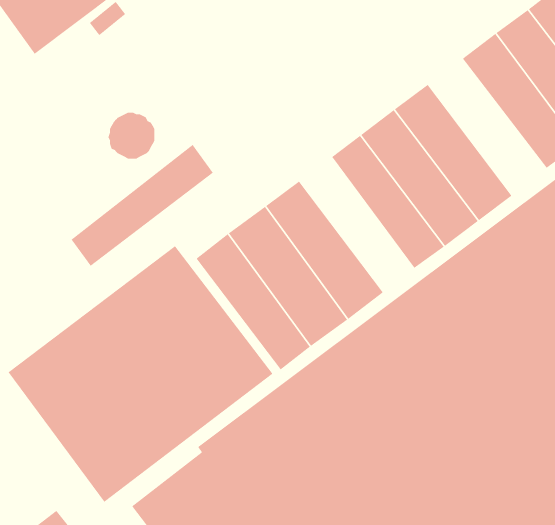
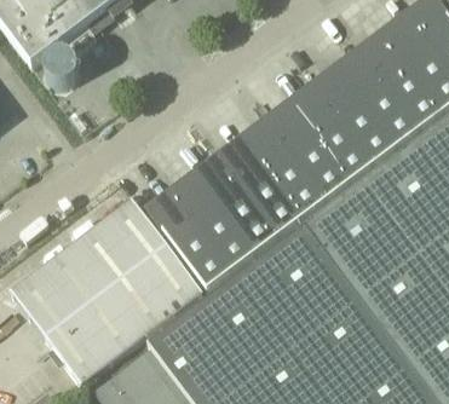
building: none -> [312,67,397,165]
building: [108,112,155,159] -> [44,51,77,85]
building: [70,144,214,267] -> none
building: none -> [220,137,303,233]

